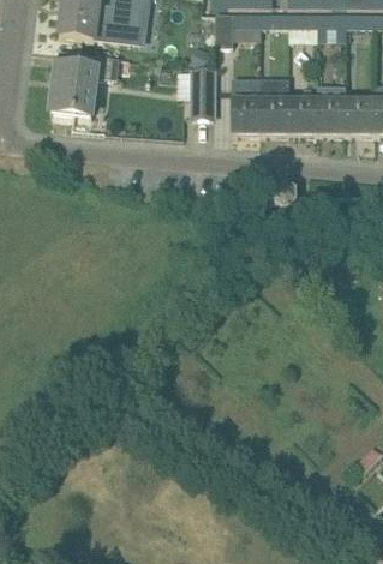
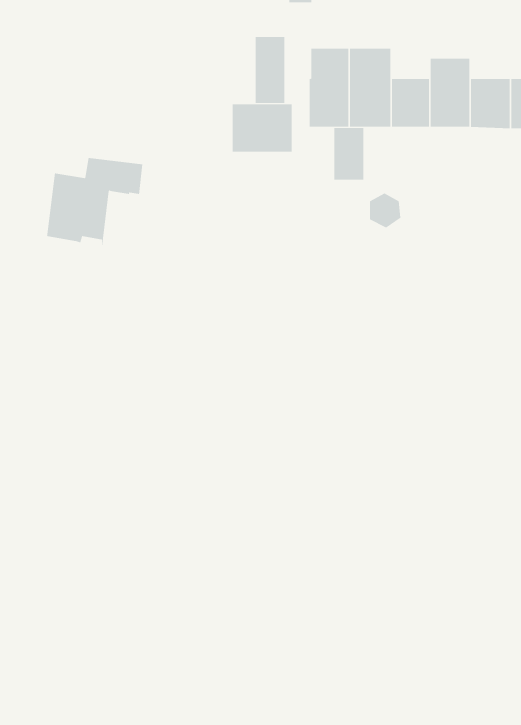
building: [50,53,120,116] -> [46,158,143,247]
building: none -> [232,104,292,152]
building: none -> [334,127,364,181]

